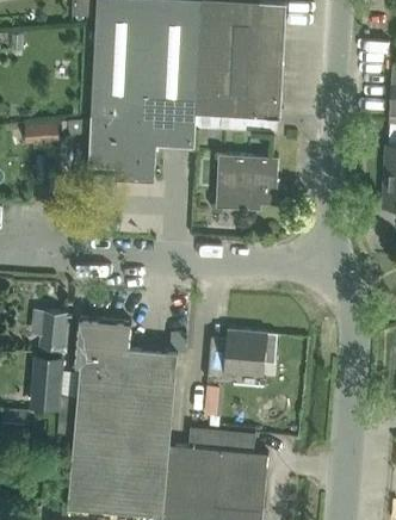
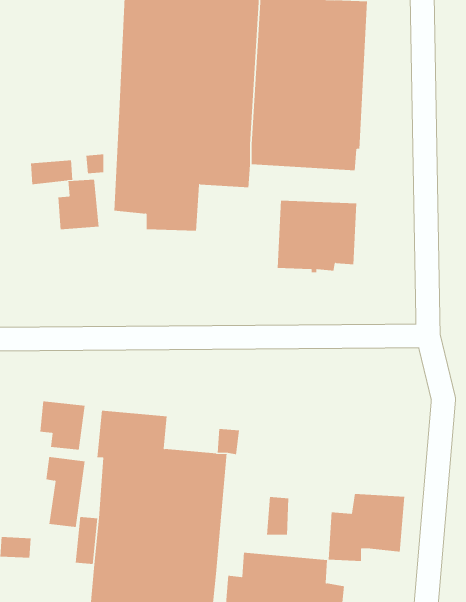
building: none -> [58,179,99,230]
building: [206,332,266,384] -> [328,493,405,561]

